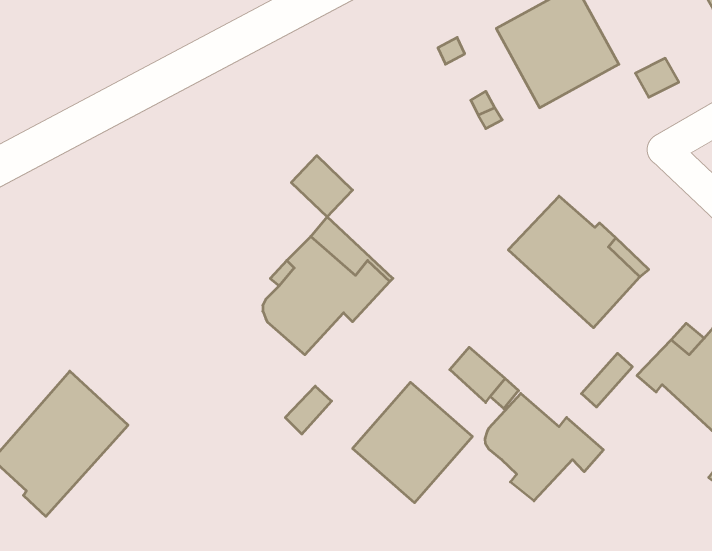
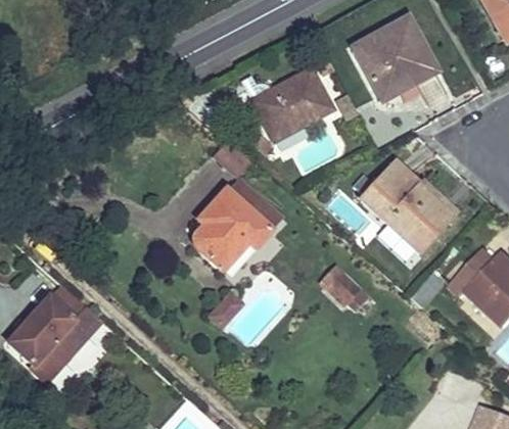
building: none -> [222,69,333,144]
building: [353,382,472,503] -> none
building: [485,393,603,501] -> none

